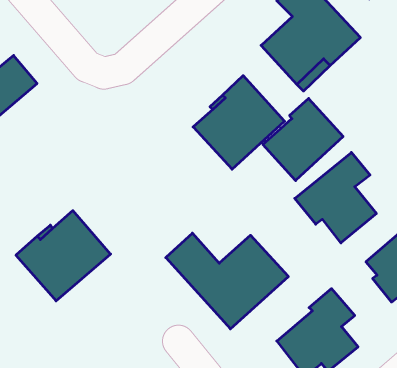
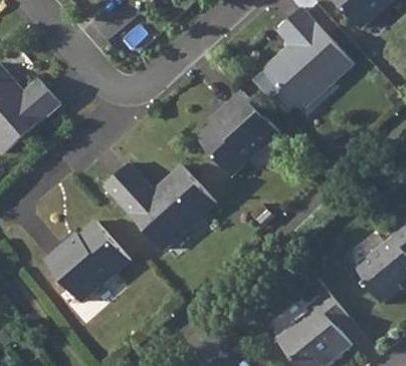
building: [263,98,343,181] -> none
building: [295,152,376,243] -> none
building: [166,233,288,329] -> [105,164,215,251]

